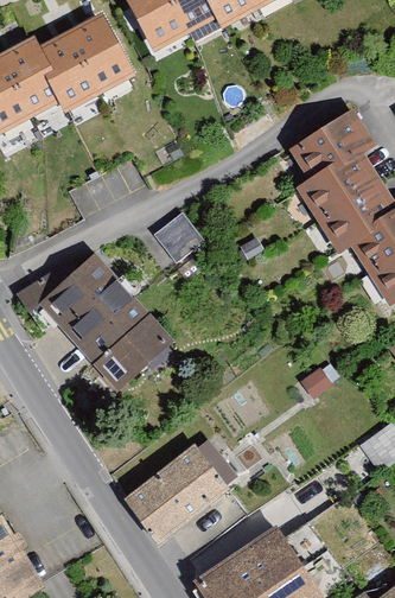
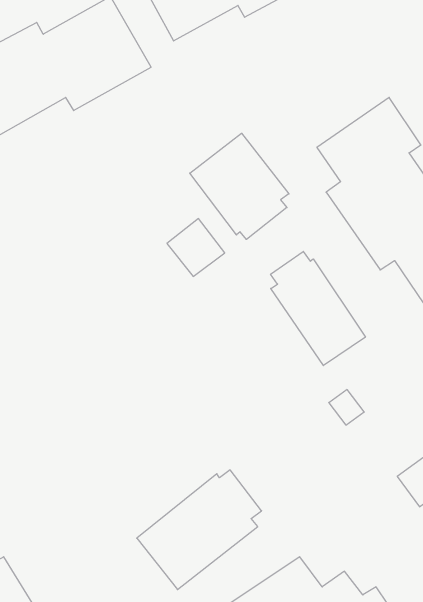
building: none -> [190,133,289,239]
building: none -> [271,251,365,366]
building: [12,252,176,396] -> none

